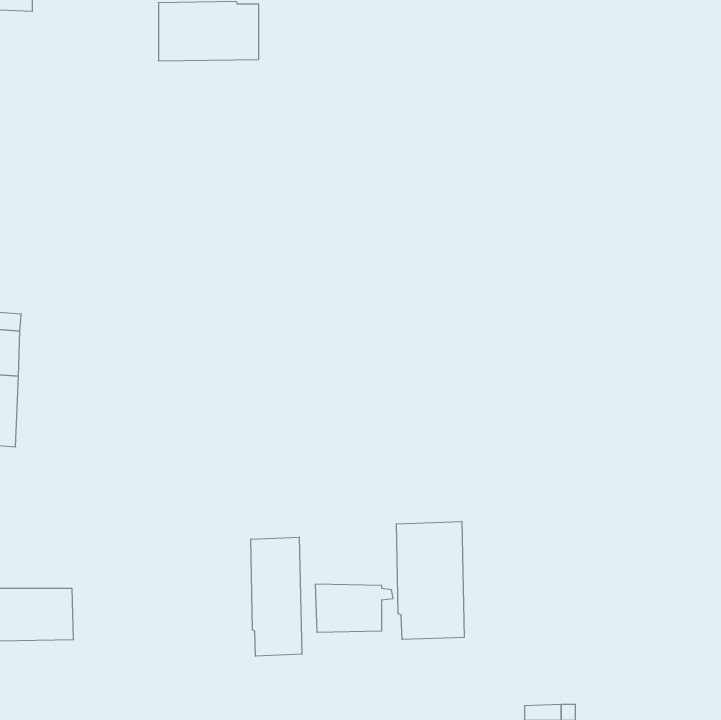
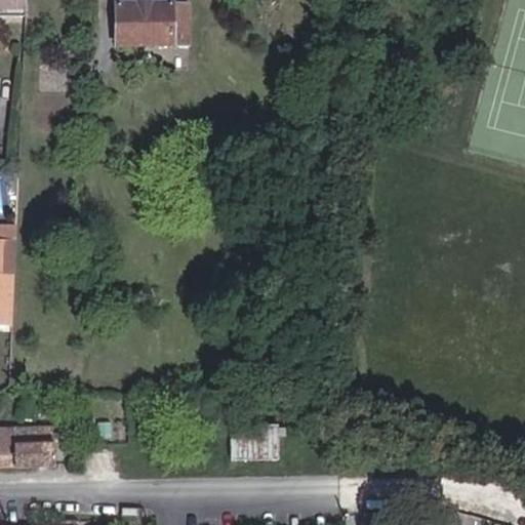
building: [396,521,464,640] -> none
building: [251,537,302,656] -> none

